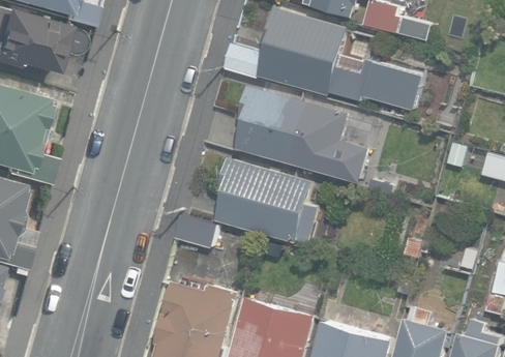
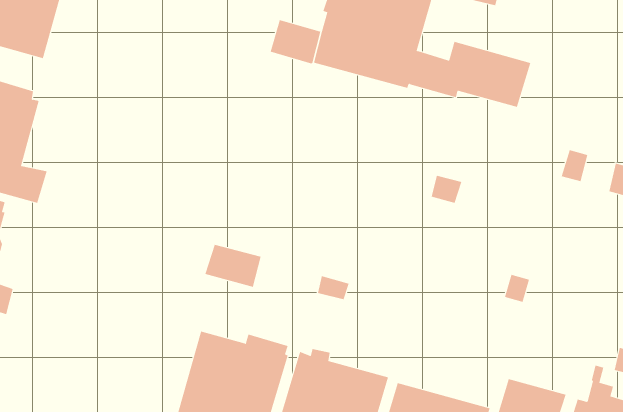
building: [235,84,344,173] -> none
building: [214,156,319,243] -> none

